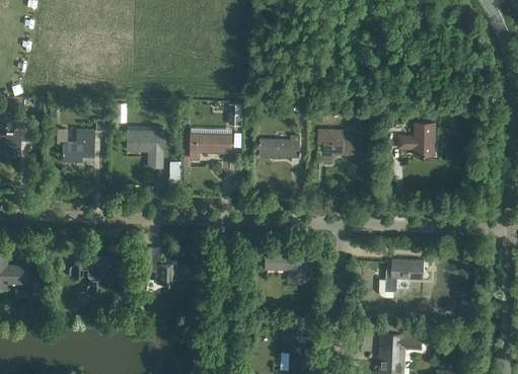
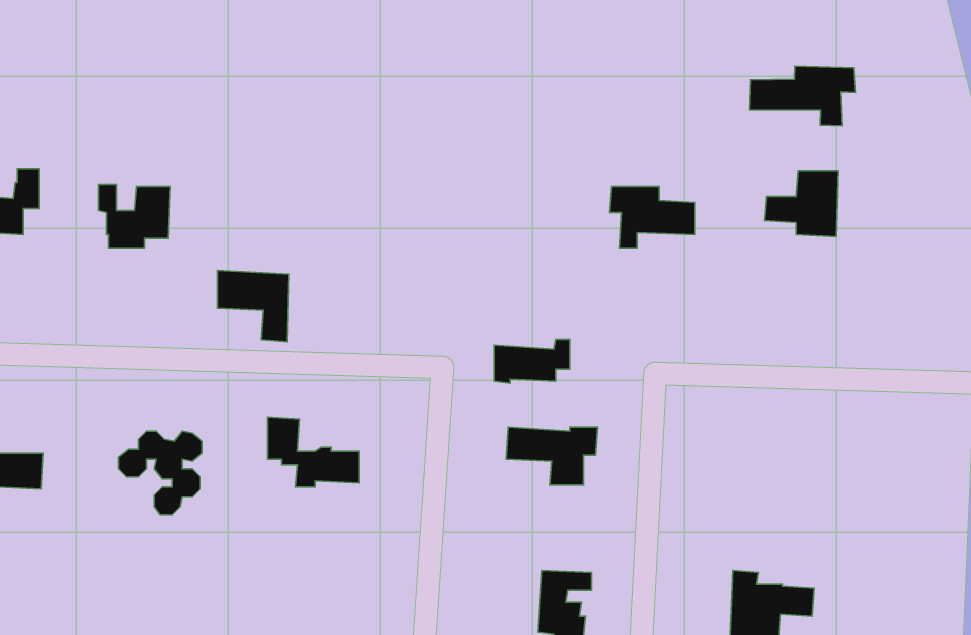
building: none -> [749,66,855,126]
building: [127,132,163,168] -> [217,270,289,342]
building: [191,134,232,160] -> none
building: [261,137,299,159] -> [494,339,570,383]
building: [379,260,413,298] -> none

